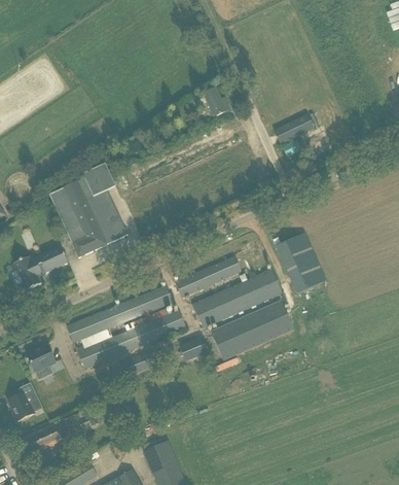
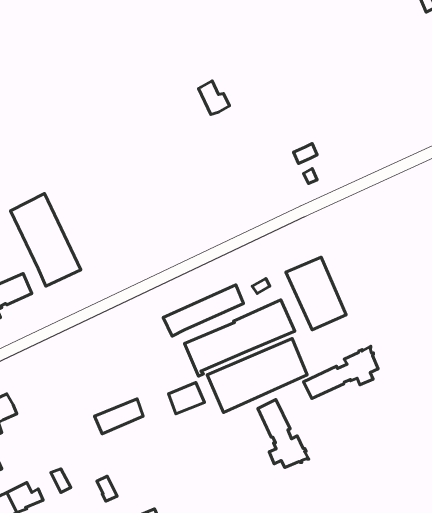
building: [275,114,313,143] -> none
building: [77,164,128,243] -> none
building: [70,285,185,369] -> none
building: none -> [303,346,378,398]
building: none -> [258,399,309,467]

